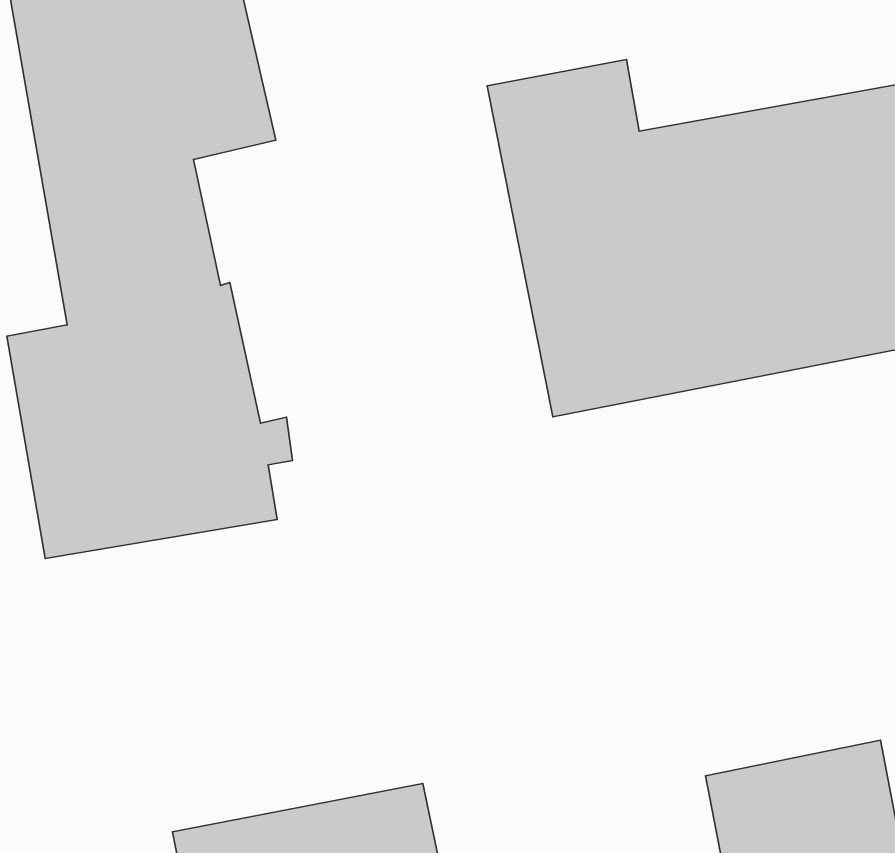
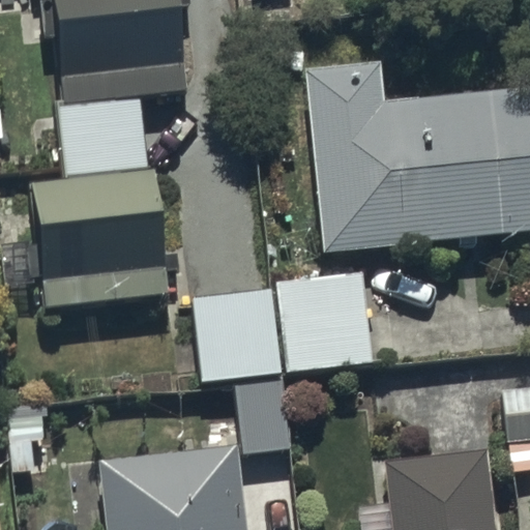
building: none -> [277,274,375,376]
building: none -> [194,291,288,454]

